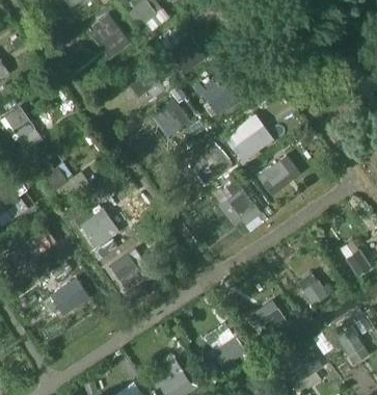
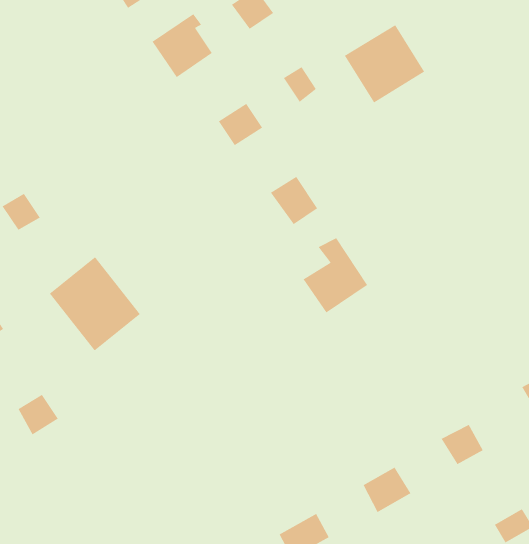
building: [226,115,273,161] -> [344,24,425,103]
building: [259,155,293,188] -> none
building: [110,255,144,289] -> none

